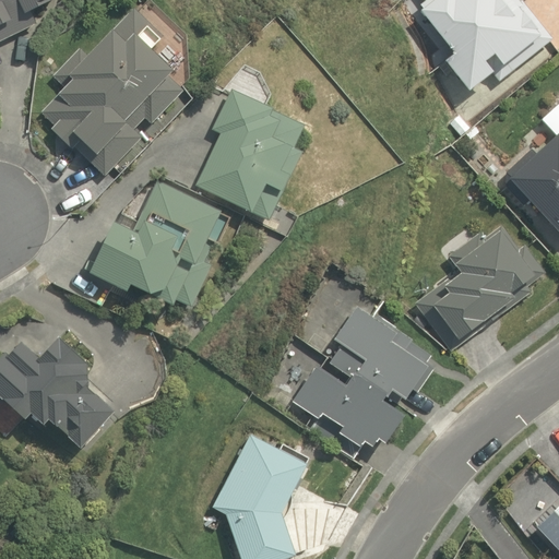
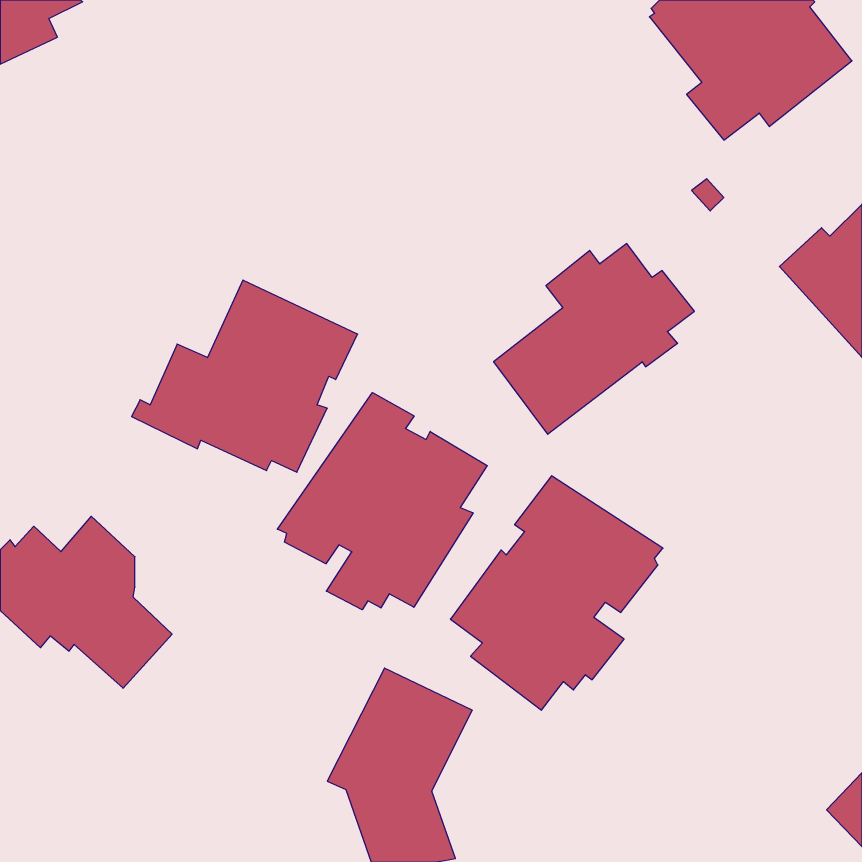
building: [40,8,183,176] -> none
building: [195,88,302,217] -> none
building: [414,228,544,352] -> [494,244,694,434]
building: none -> [277,393,487,610]

